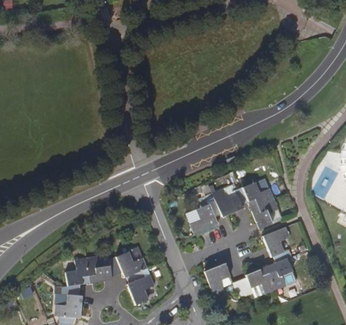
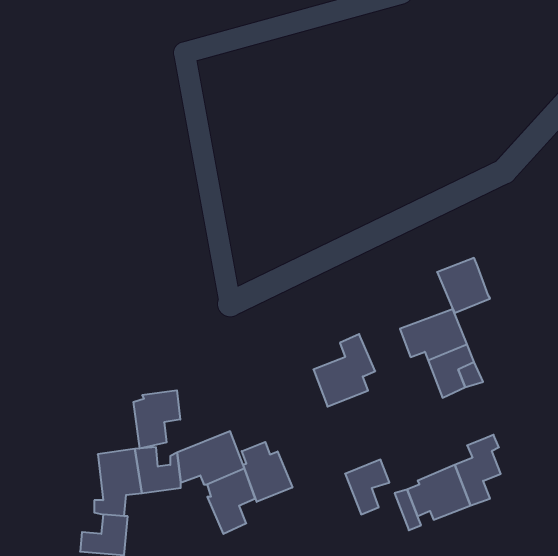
building: [212,184,242,215] -> [437,258,490,313]
building: none -> [133,390,180,449]
building: [262,226,289,256] -> none
building: none -> [242,442,292,502]

